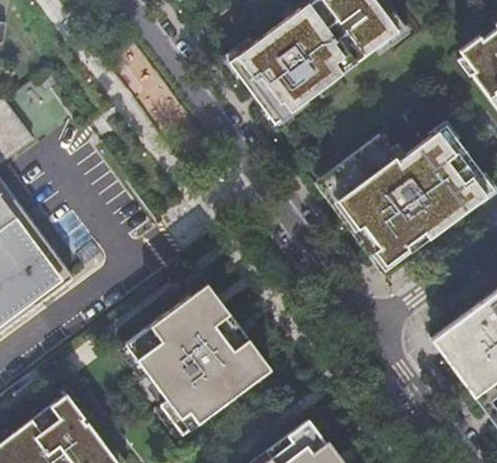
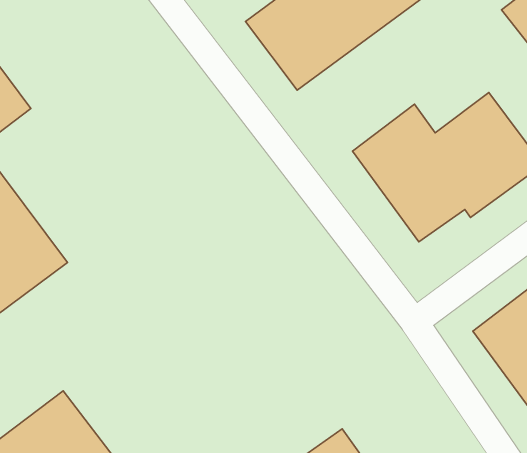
building: [126,285,273,436] -> none

